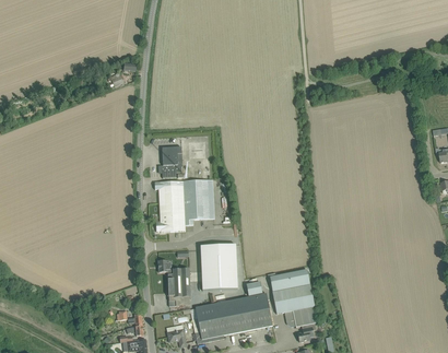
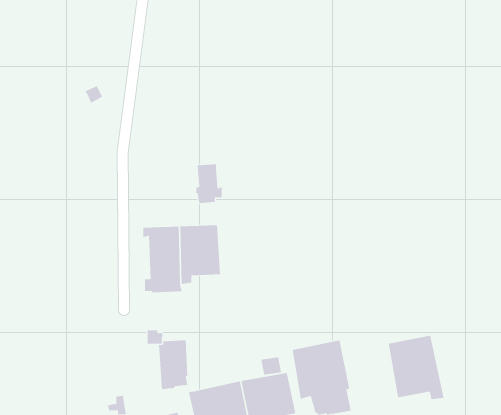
building: [160,146,180,177] -> [196,164,223,204]
building: [200,243,237,290] -> none
building: none -> [388,335,444,400]

